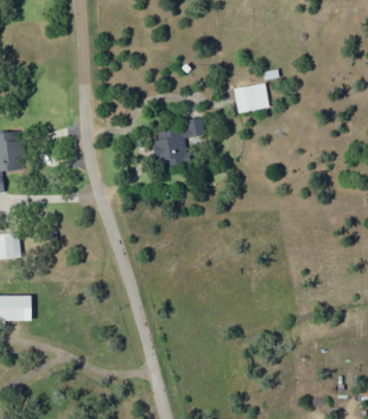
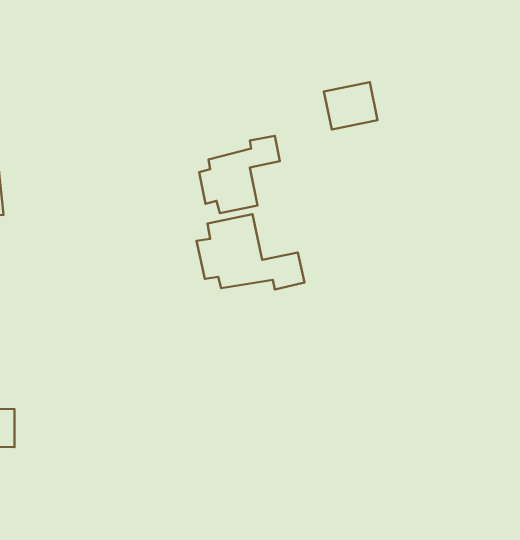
building: none -> [196,214,305,289]

